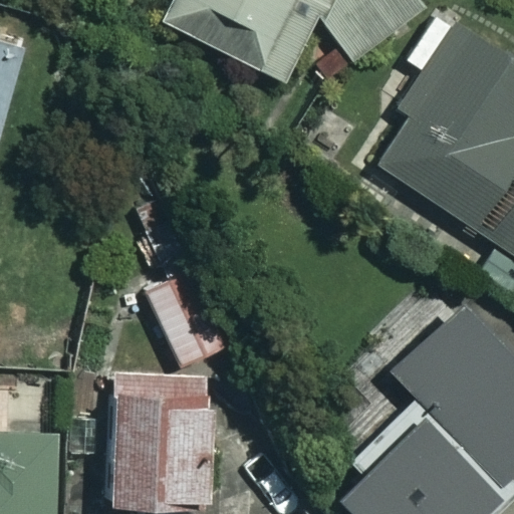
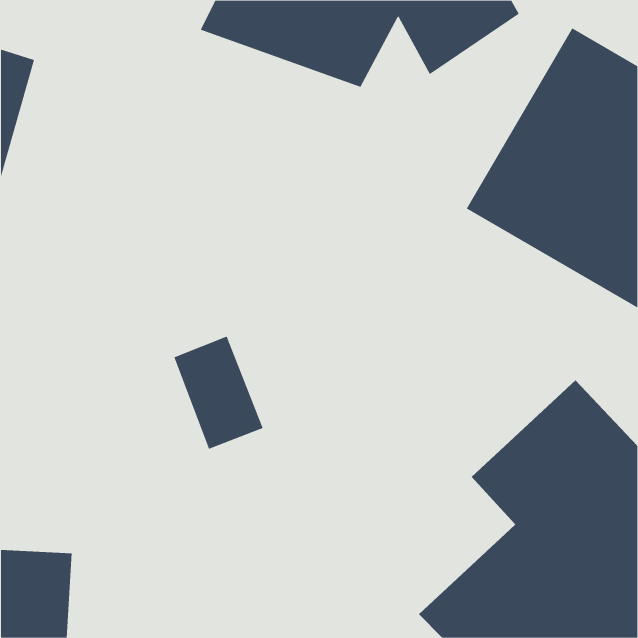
building: [122,388,209,503] -> none

